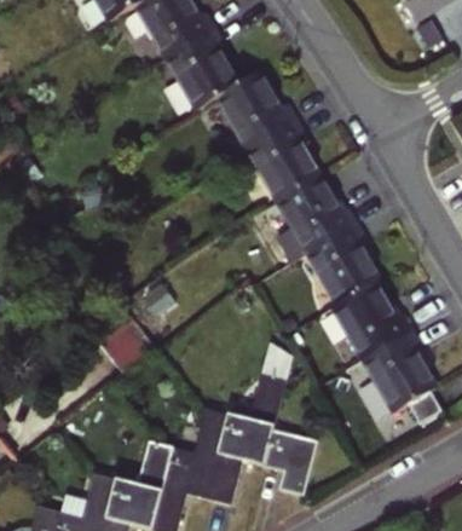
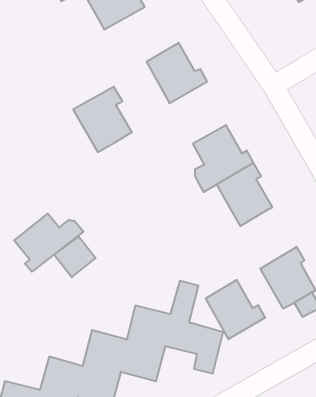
building: [163,25,238,109] -> [73,87,132,152]
building: [247,121,319,201] -> none
building: [334,284,410,360] -> [206,280,265,339]
building: none -> [14,214,84,272]

